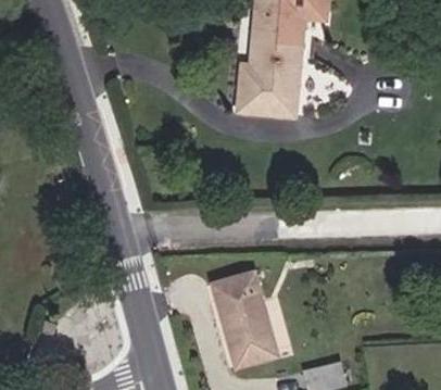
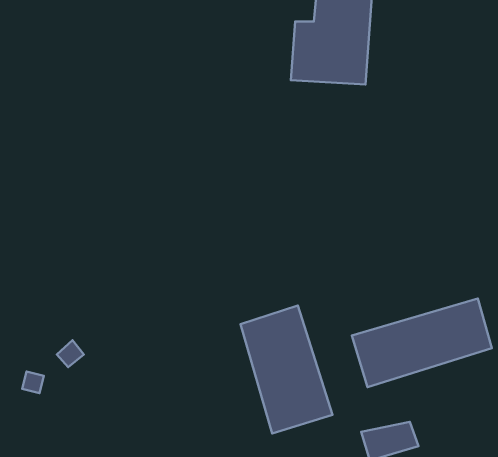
building: none -> [352,299,492,387]

